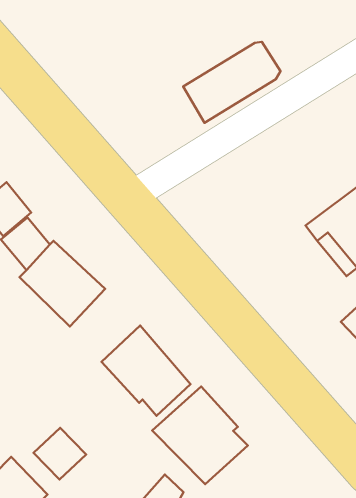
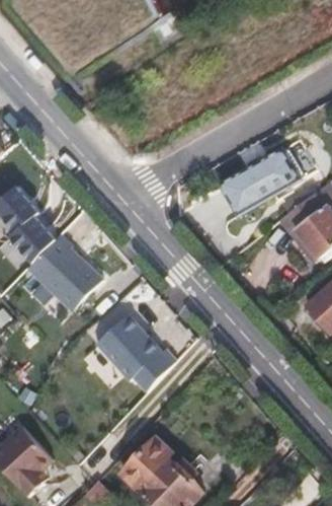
building: [183,42,281,123] -> [221,144,305,214]
building: [152,387,248,484] -> none
building: [34,428,86,479] -> none

